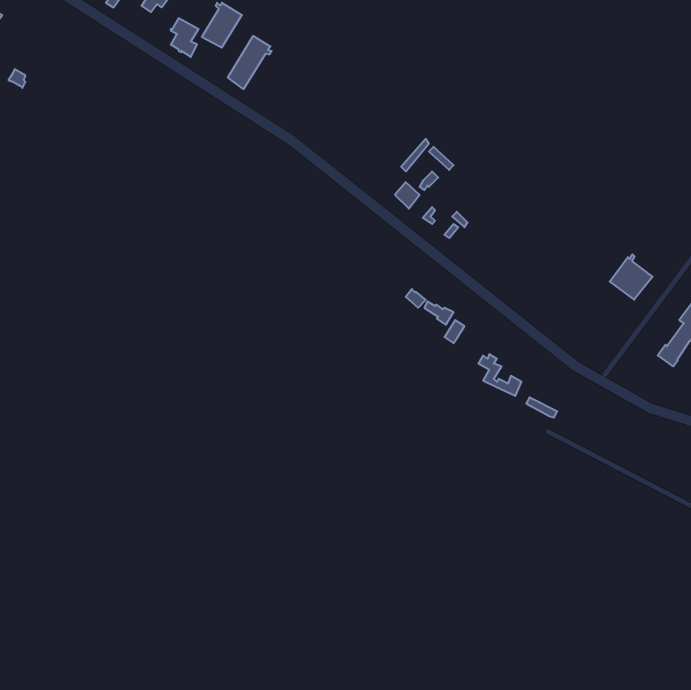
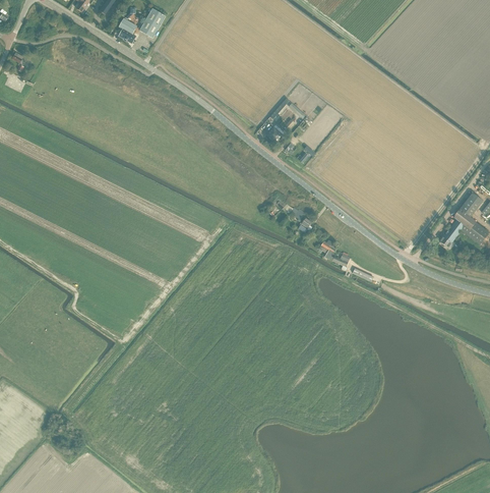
building: [228,36,272,89] -> none
building: [610,254,653,300] -> none

